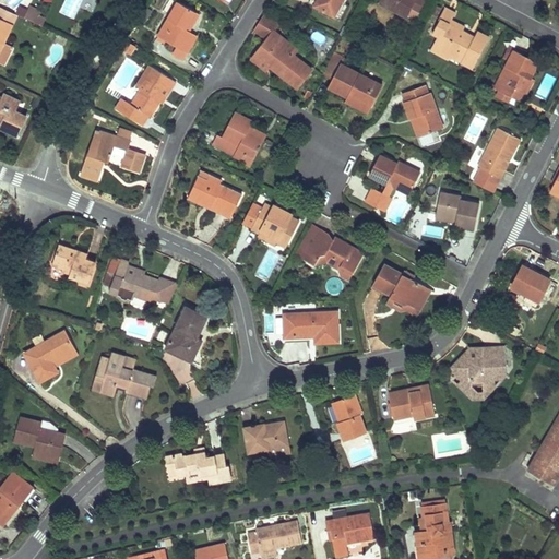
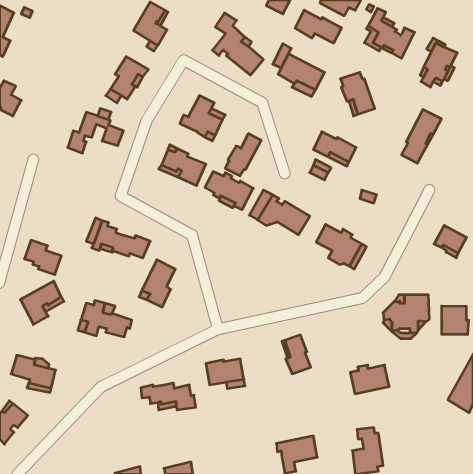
building: none -> [295,10,341,43]
building: none -> [225,134,261,176]
building: [435,193,479,229] -> none
building: [51,243,95,284] -> [24,240,61,275]
building: [282,312,337,345] -> none
building: none -> [442,306,468,335]
building: [389,389,435,423] -> [350,365,389,394]
building: [247,522,301,552] -> none

